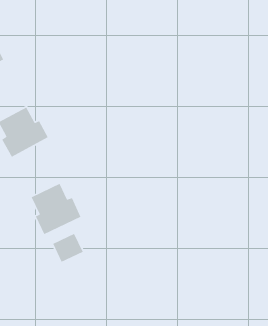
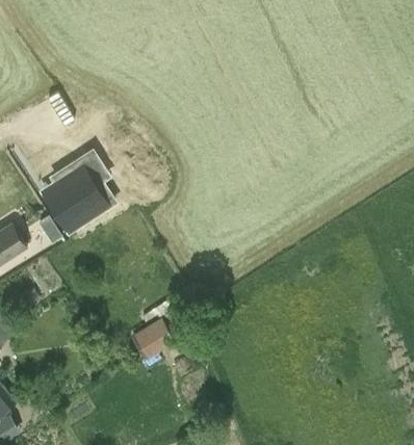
building: [31,183,82,235] -> none

